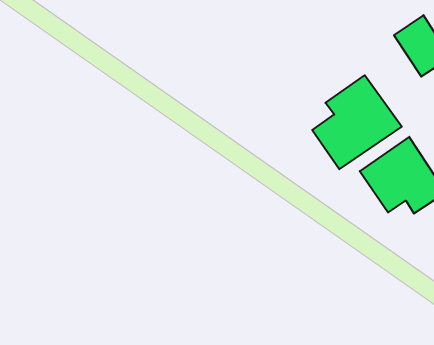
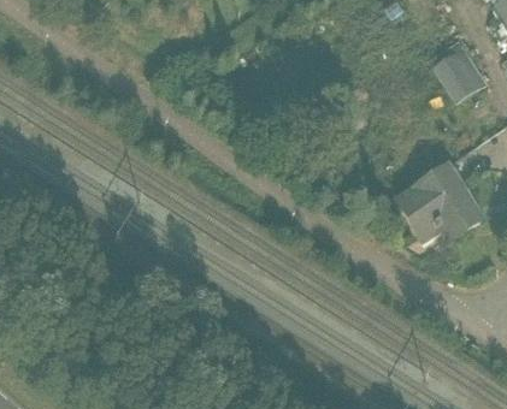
building: [312,75,402,169] -> none

